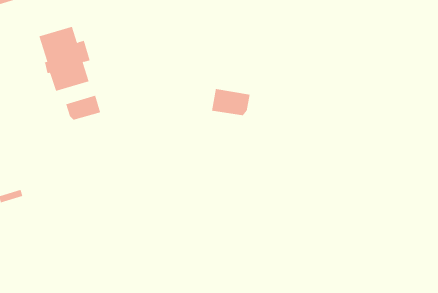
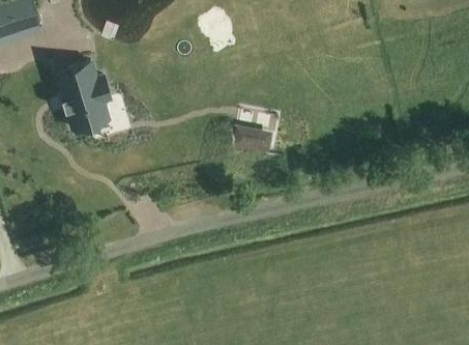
building: [65,95,101,120] -> none

